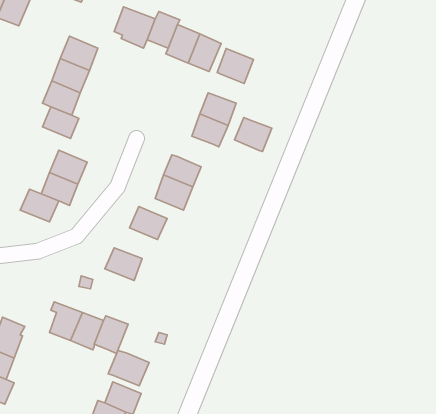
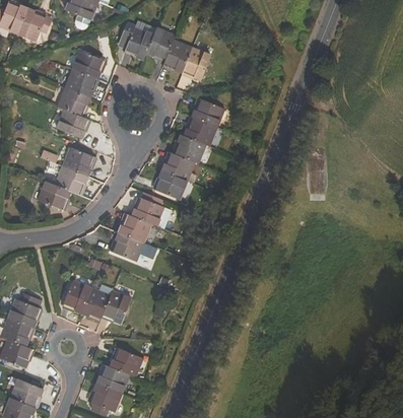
building: [217,48,253,84] -> none
building: [234,117,272,152] -> [173,133,205,162]
building: none -> [119,212,151,240]
building: [108,350,149,386] -> none

